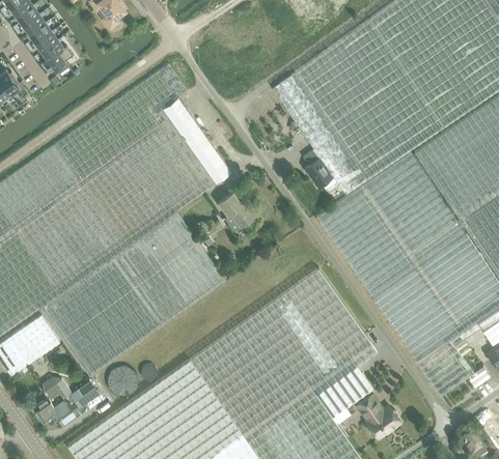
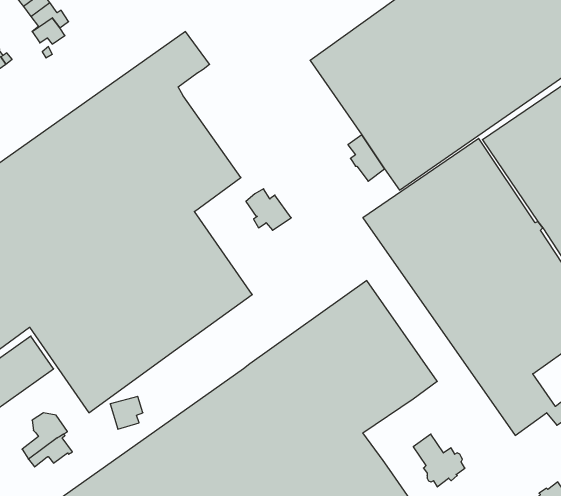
building: [163,97,230,183] -> none
building: [315,366,372,424] -> none
building: [67,379,100,409] -> none

